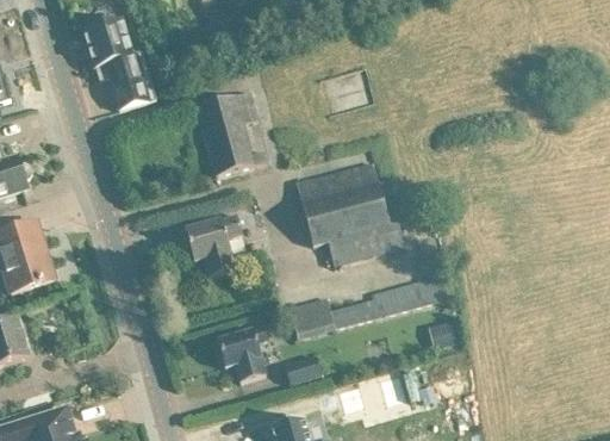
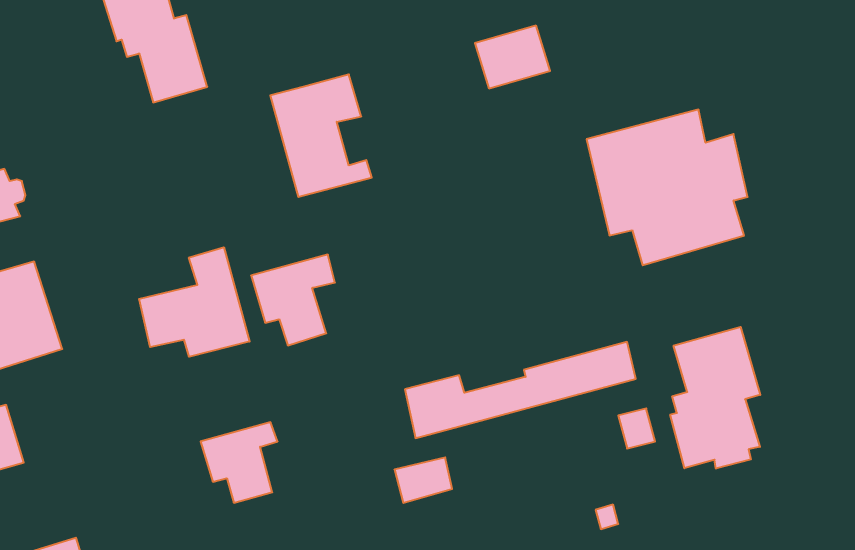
building: [295,161,405,267] -> [587,110,748,265]
building: none -> [139,247,250,357]
building: none -> [670,327,760,469]
building: [216,327,268,381] -> [201,422,278,503]

